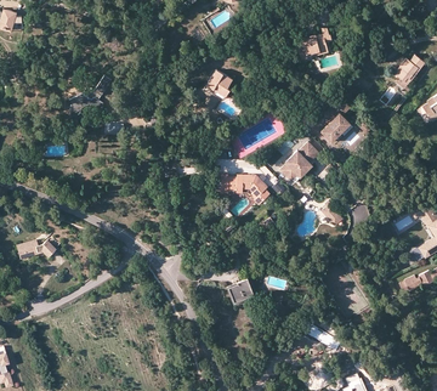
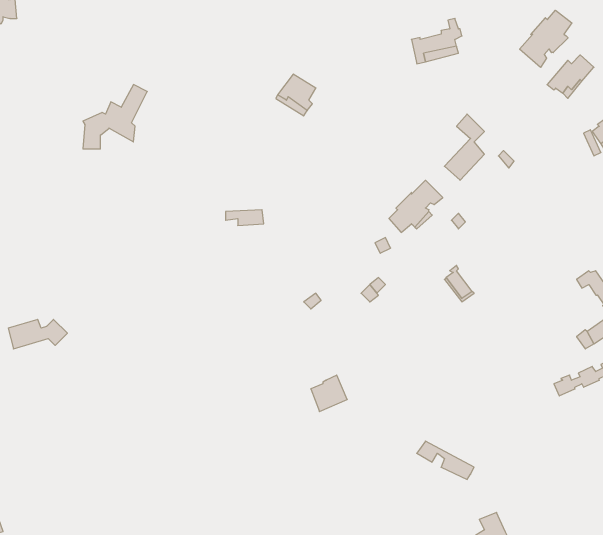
building: none -> [520,10,572,67]
building: [223,172,268,197] -> none

